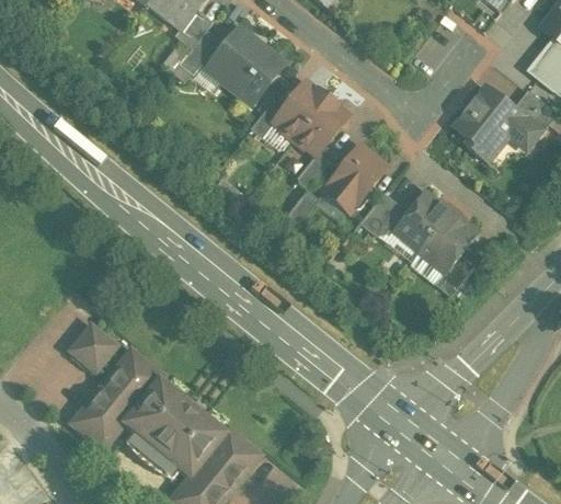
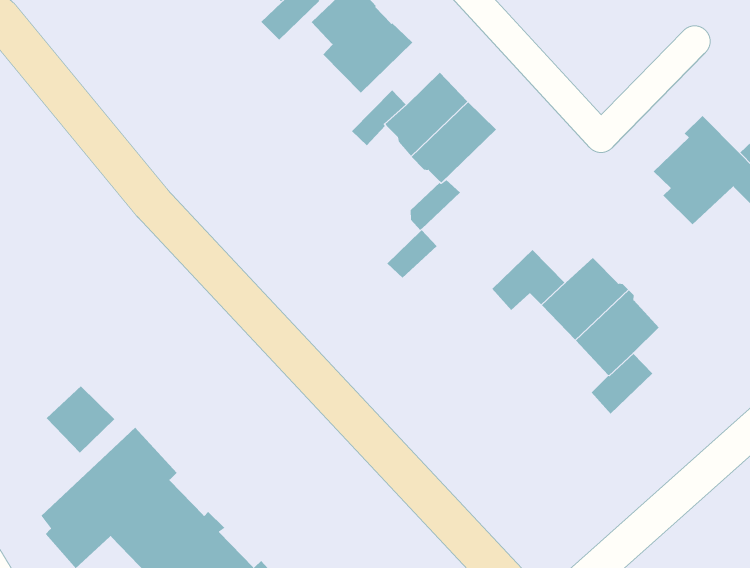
building: [321,144,387,214] -> none

